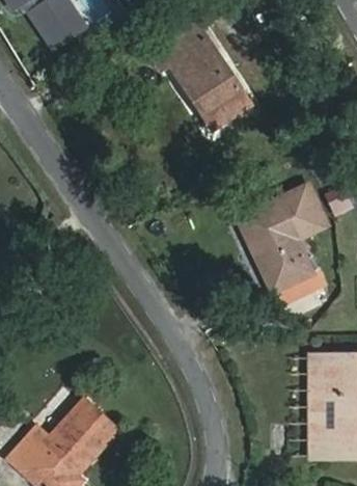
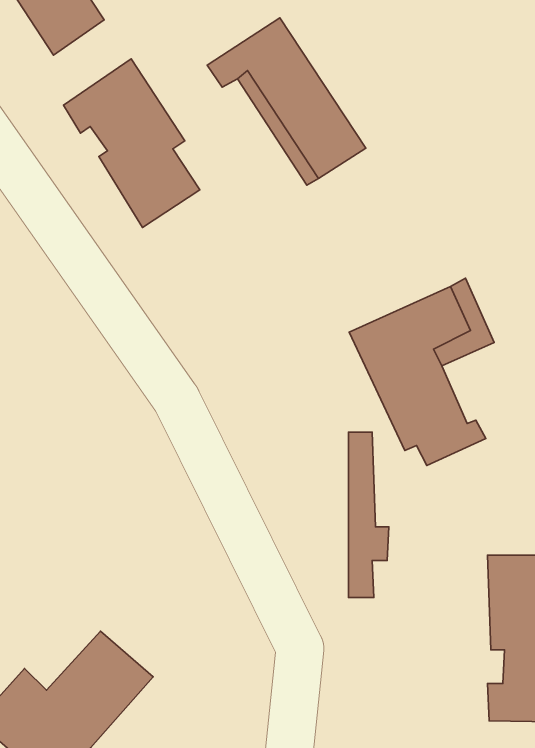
building: none -> [64,59,200,227]
building: [307,354,332,456] -> [348,432,389,598]

